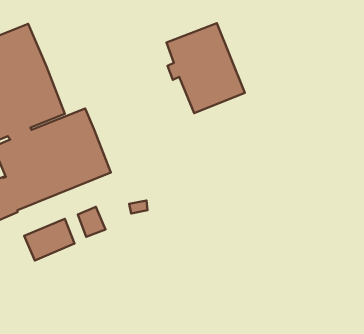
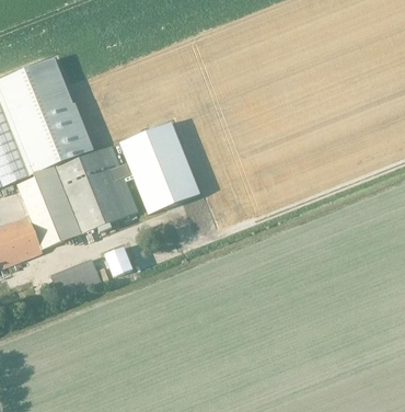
building: [166,23,245,113] -> [119,122,199,214]

